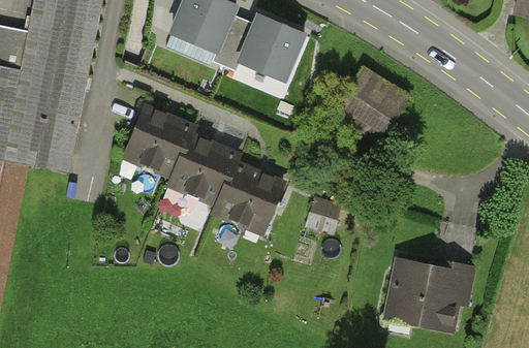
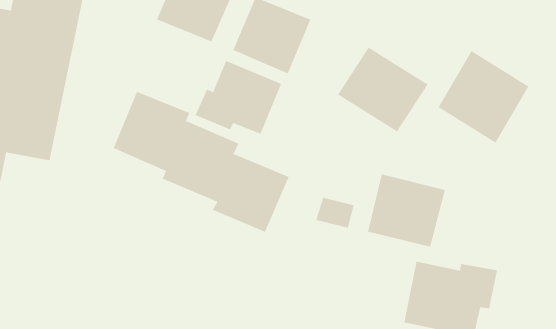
building: none -> [438,50,529,143]
building: none -> [195,60,282,135]
building: none -> [368,174,446,247]

